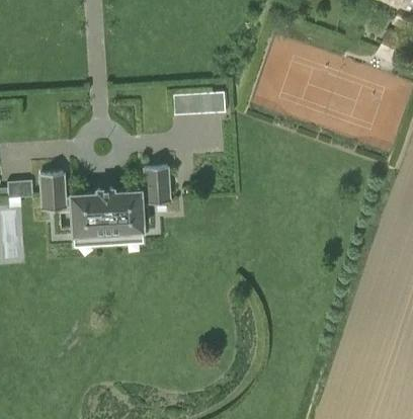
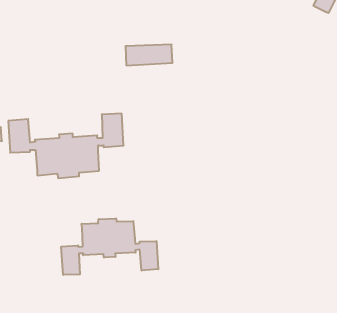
building: none -> [61,218,158,275]

